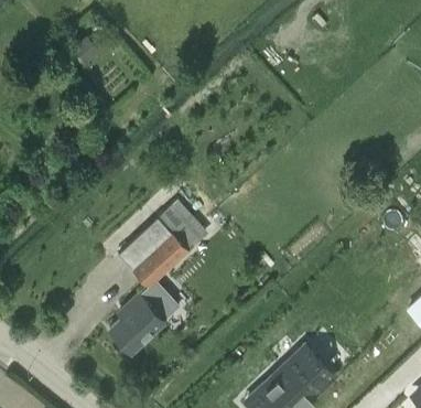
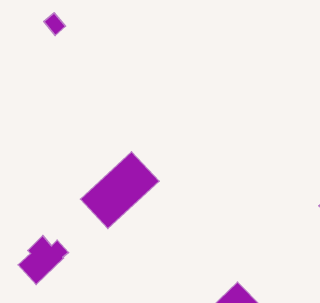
building: [109,294,168,352] -> [18,235,68,285]

